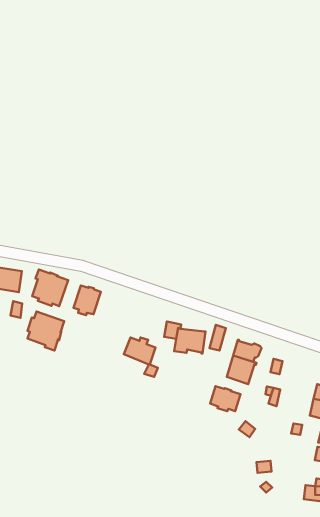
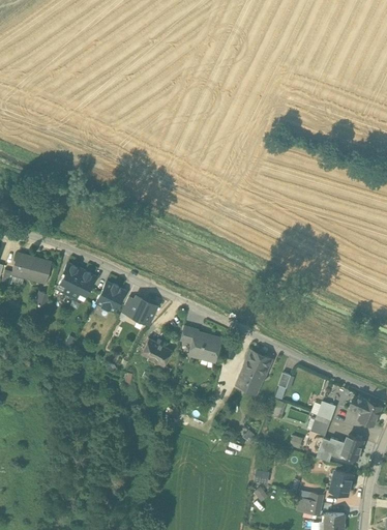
building: none -> [127,296,156,324]
building: [27,312,64,351] -> none
building: [210,386,241,411] -> none

